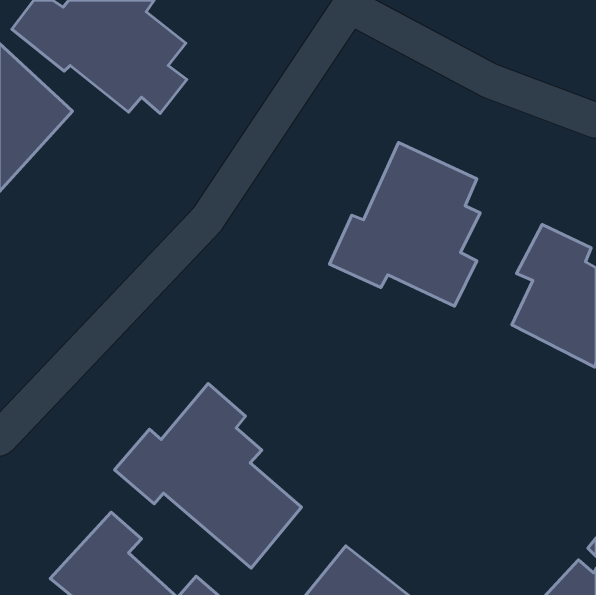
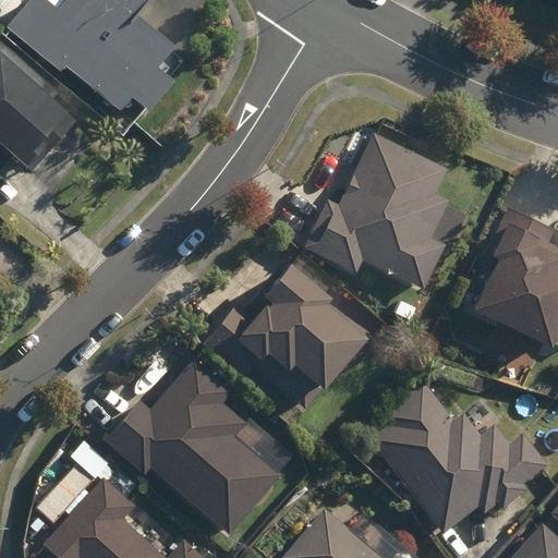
building: none -> [205,263,368,407]
building: none -> [373,384,547,529]

